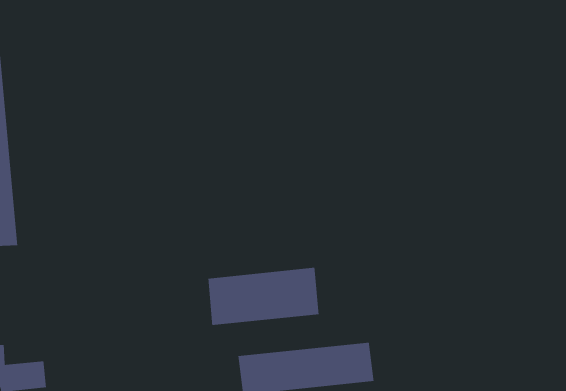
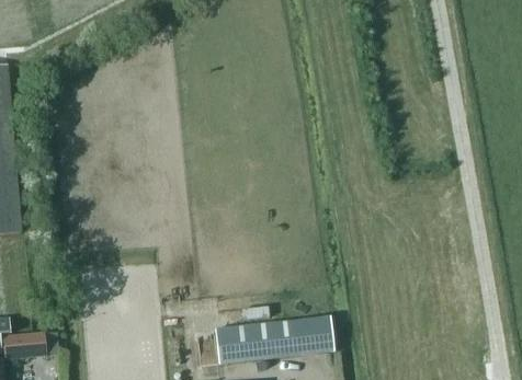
building: [207,267,320,326] -> none

